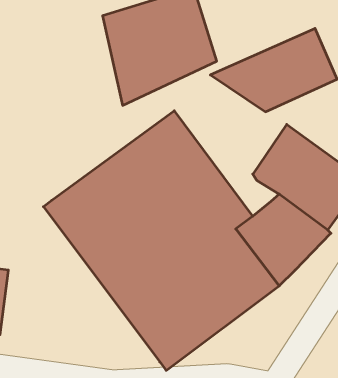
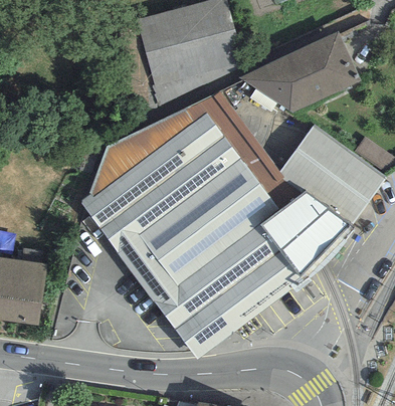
building: none -> [88,92,297,212]

